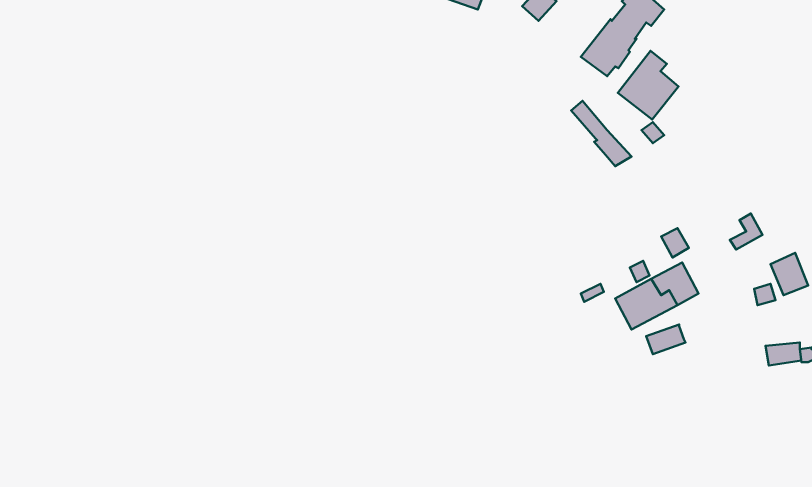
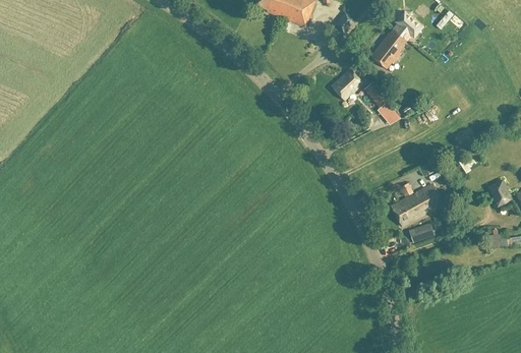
building: [618,51,678,119] -> none
building: none -> [332,69,362,100]

